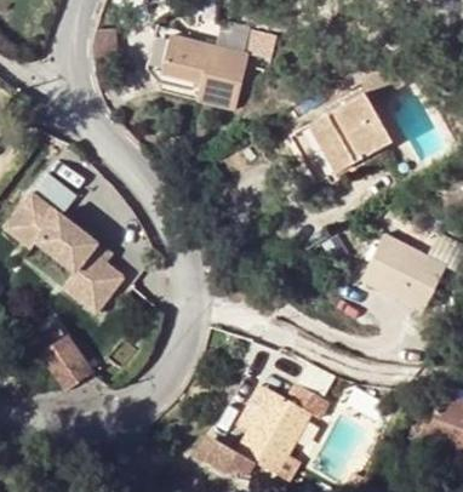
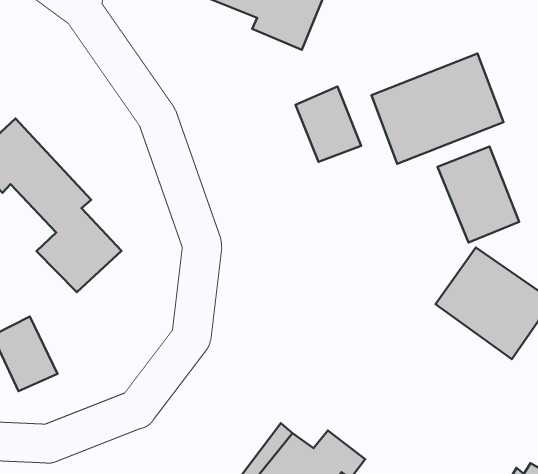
building: none -> [295,87,361,162]
building: none -> [438,146,519,242]

